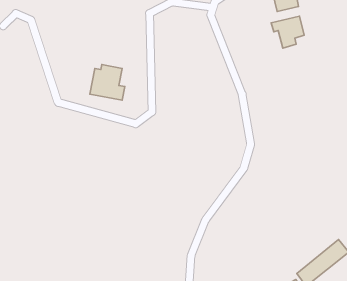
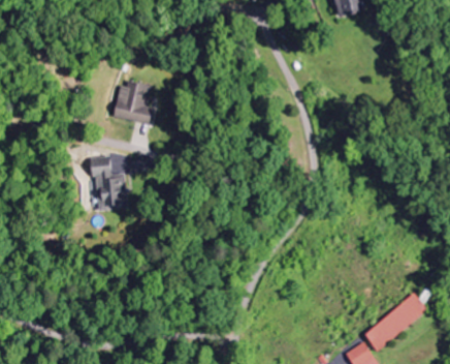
building: [271,16,304,48] -> none
building: none -> [93,156,130,210]

